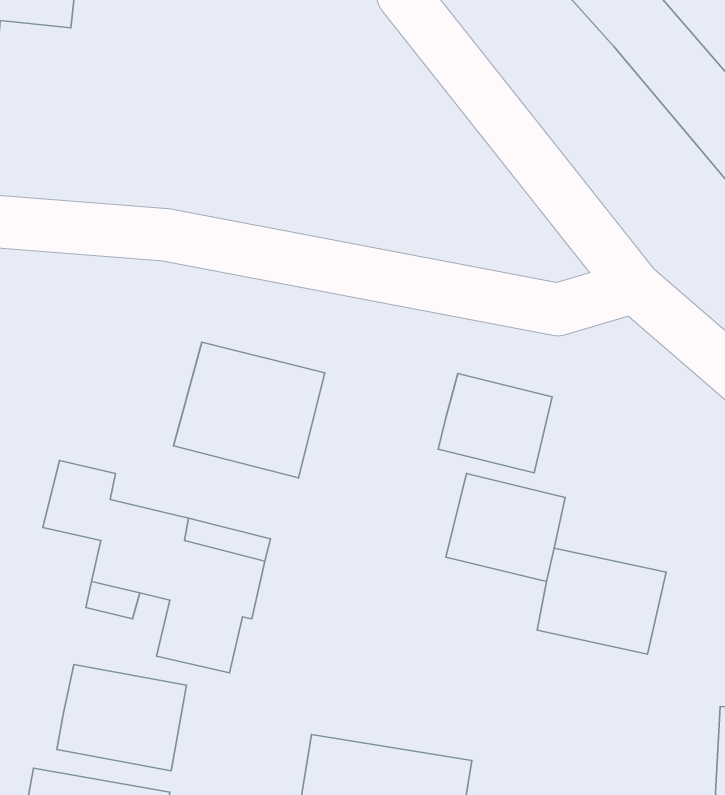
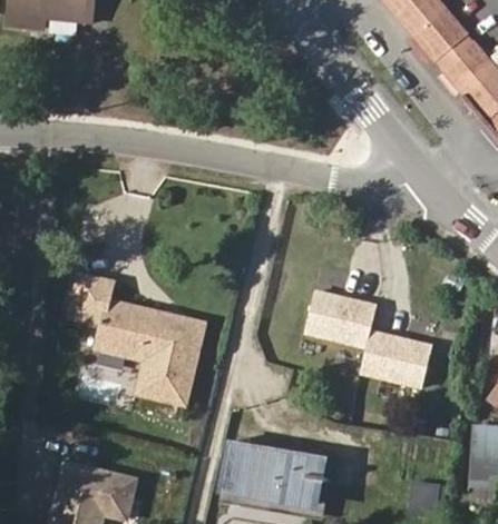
building: [174,342,325,478] -> none
building: [438,374,552,473] -> none
building: [57,665,186,771] -> none

